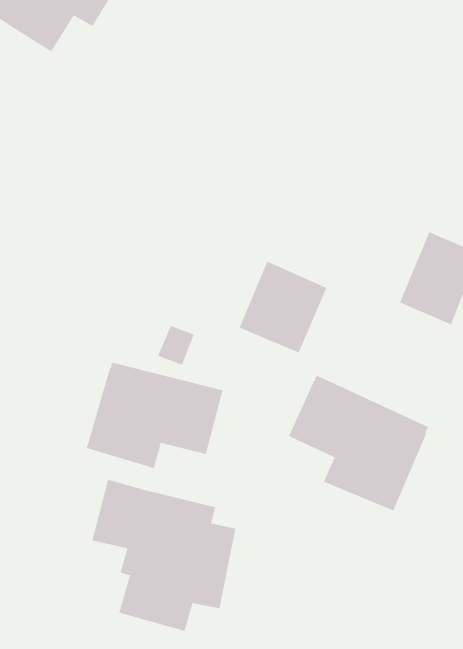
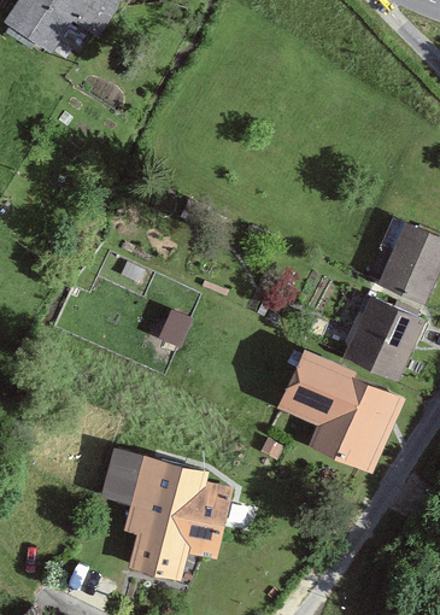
building: [239,261,327,353] -> [342,297,422,380]
building: [86,362,223,469] -> none

